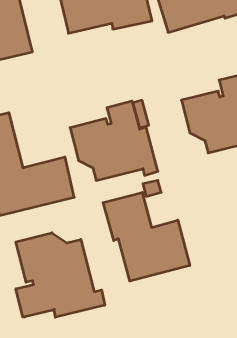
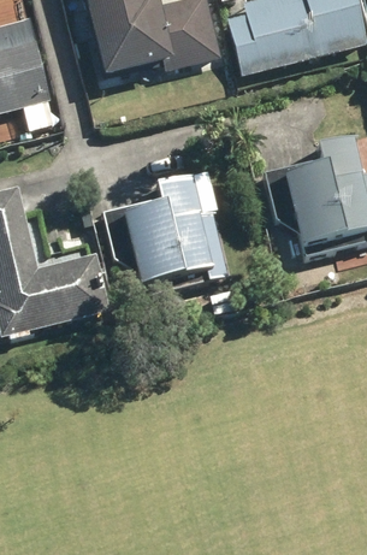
building: [103,192,190,281] -> none
building: [16,233,105,317] -> none

